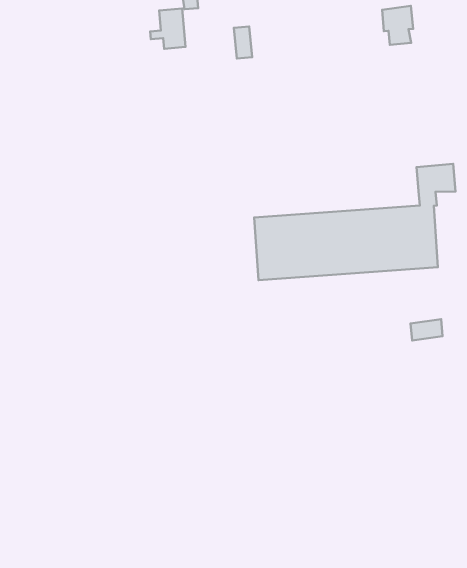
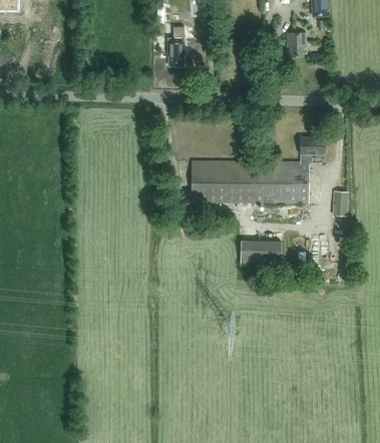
building: [150,9,186,49] -> [160,40,182,65]
building: none -> [240,239,281,265]

